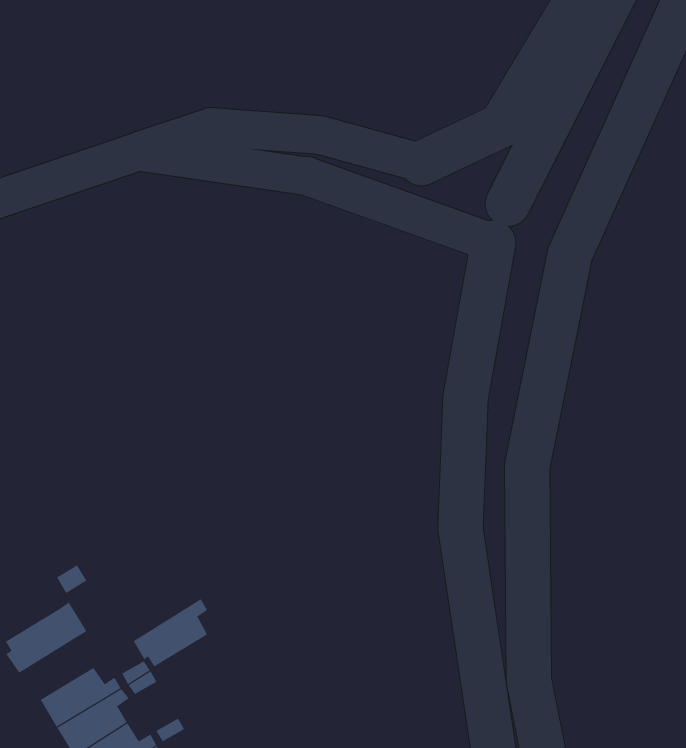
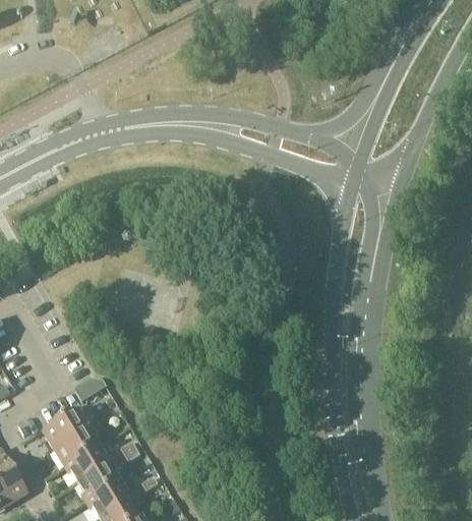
building: [133,599,208,667] -> [53,423,100,466]

